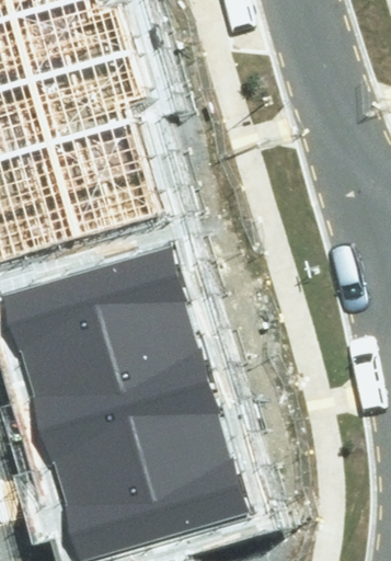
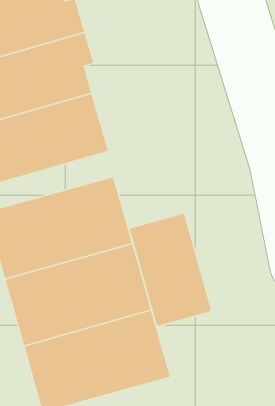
building: none -> [129,213,212,327]

